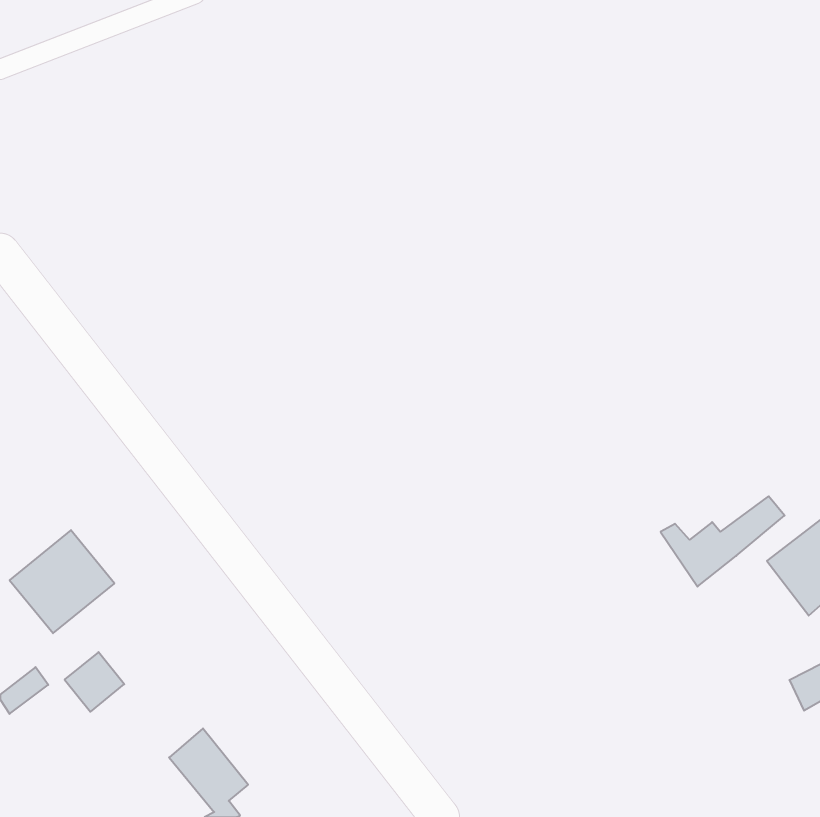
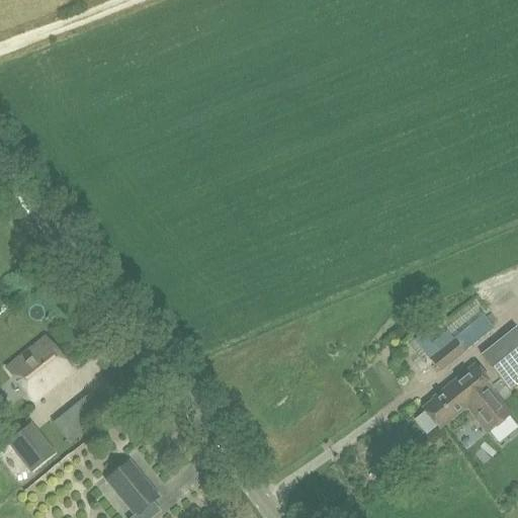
building: none -> [424,363,510,428]
building: [65,652,124,712] -> [12,434,50,471]

